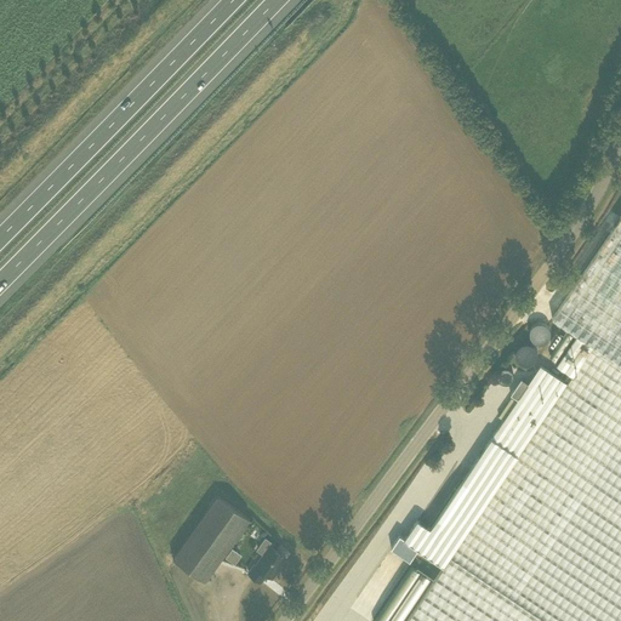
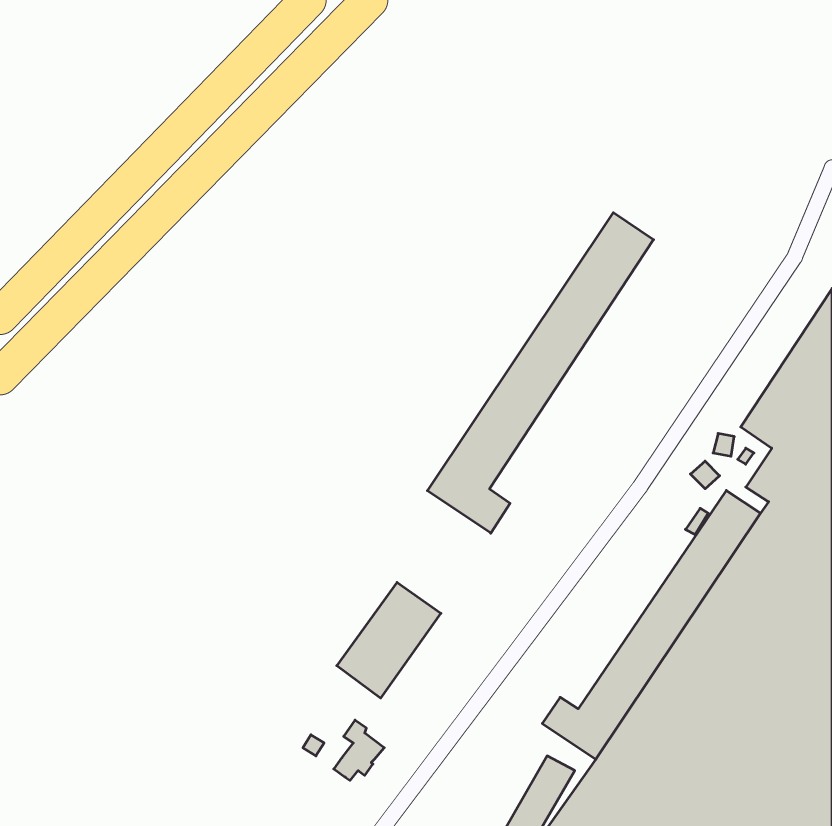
building: none -> [427,213,654,533]
building: [172,500,250,586] -> [337,582,441,698]

